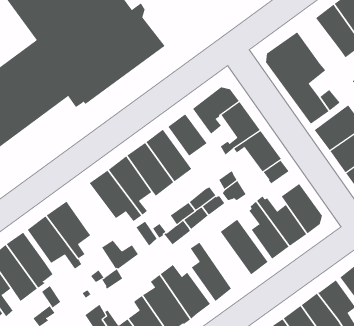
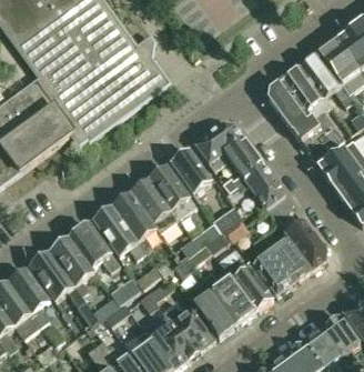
building: none -> [301,52,343,98]
building: none -> [70,221,120,270]
building: none -> [203,267,254,323]

